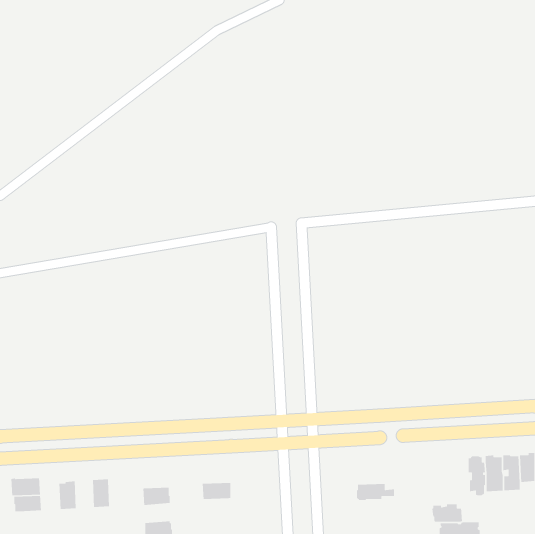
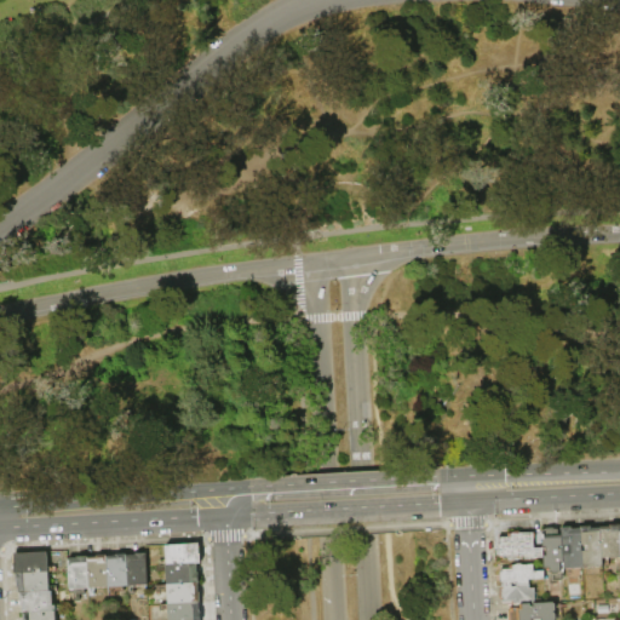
building: none -> [498,530,542,558]
building: none -> [126,555,148,587]
building: none -> [87,556,108,590]
building: [202,482,231,500] -> [165,545,199,566]
building: [356,483,395,501] -> [499,564,544,585]
building: none -> [166,584,199,605]
building: none -> [18,592,52,613]

